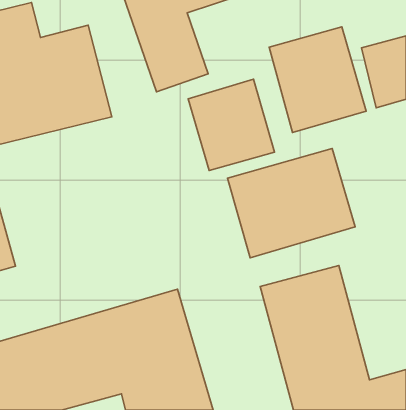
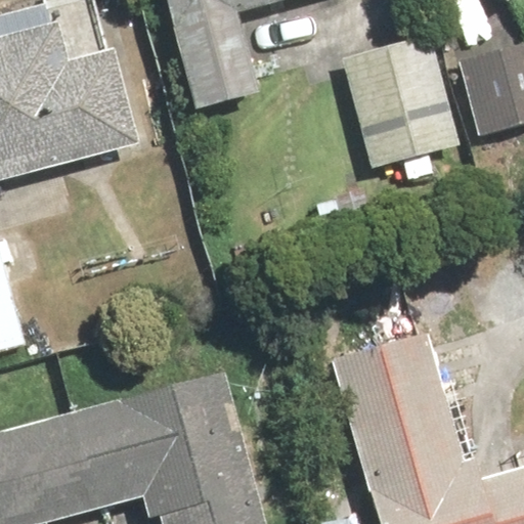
building: [188,79,274,171] -> none
building: [228,148,355,258] -> none

